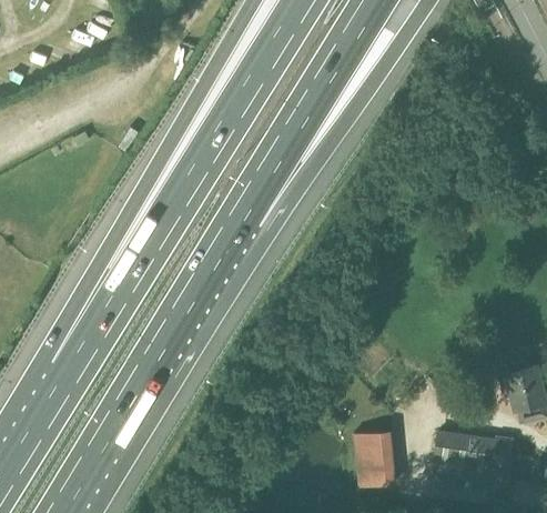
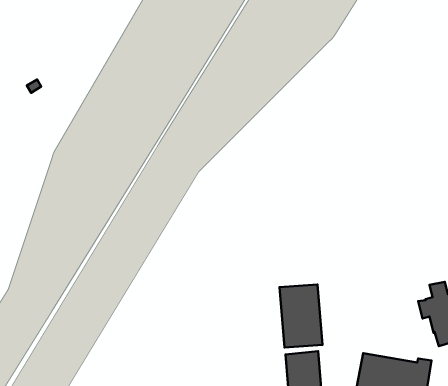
building: none -> [279,284,323,347]

